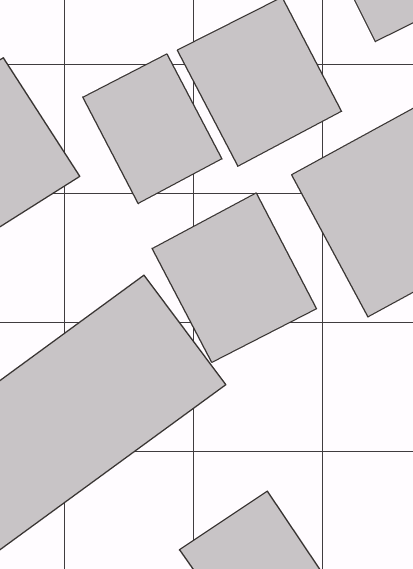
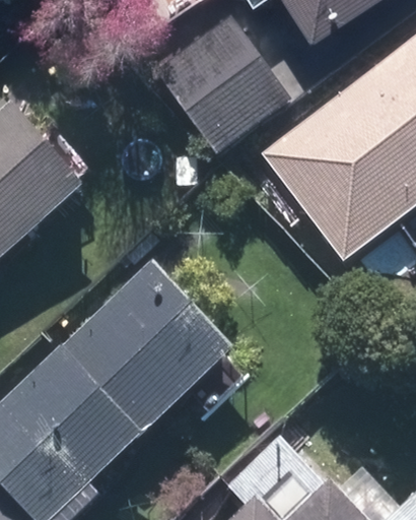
building: [83,54,222,204] -> none
building: [152,193,316,362] -> none

